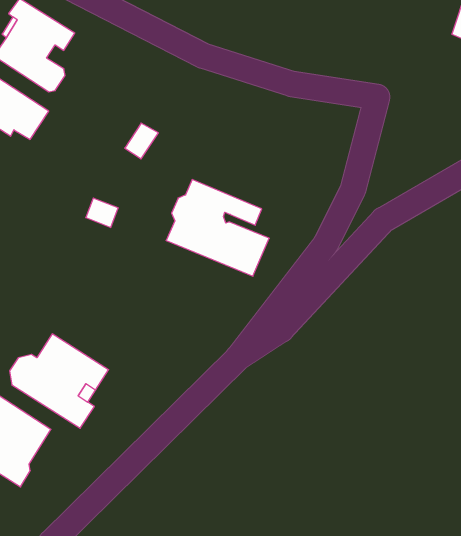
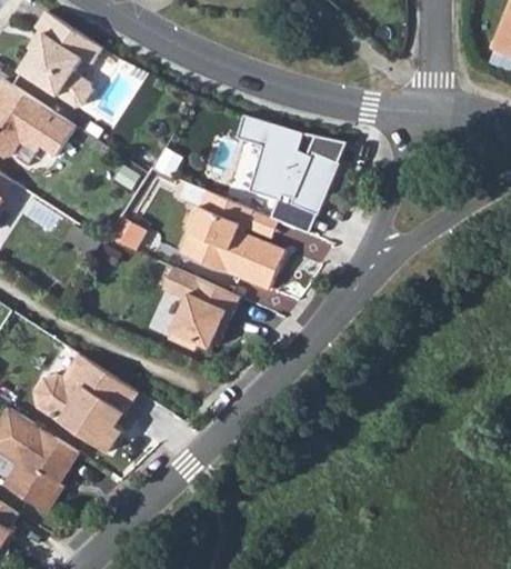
building: none -> [237,116,339,214]
building: none -> [162,267,238,350]

